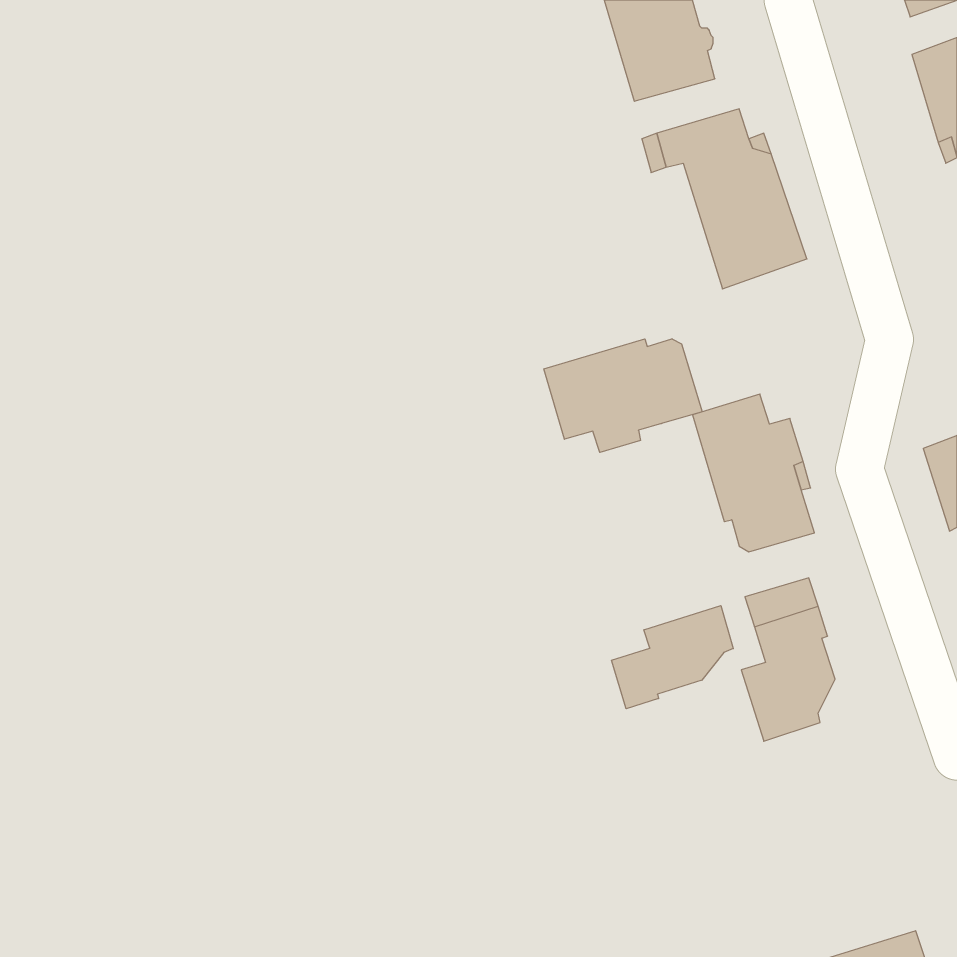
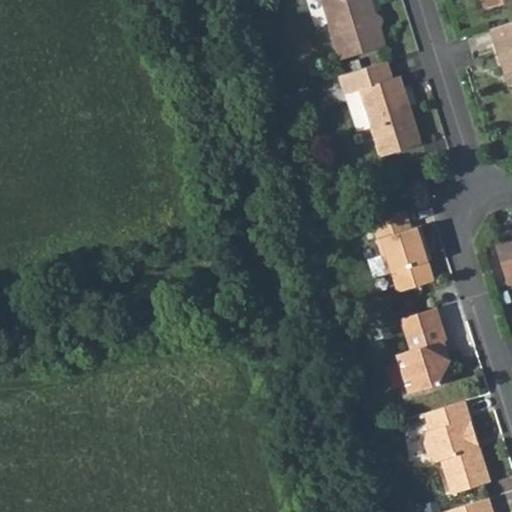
building: [544,339,702,452] -> none
building: [612,606,733,709] -> none
building: none -> [426,400,491,494]

